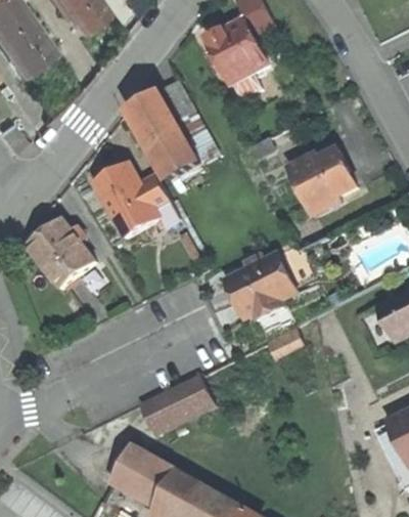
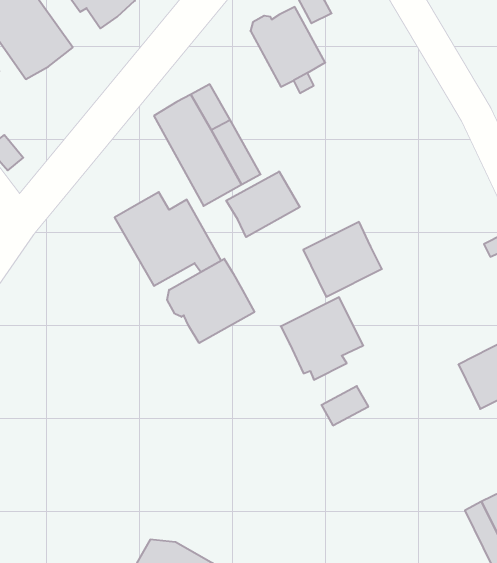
building: [289,147,353,208] -> [303,222,382,297]
building: none -> [226,171,300,237]
building: [25,217,92,287] -> none
building: none -> [167,259,254,343]
building: [136,376,211,435] -> none

